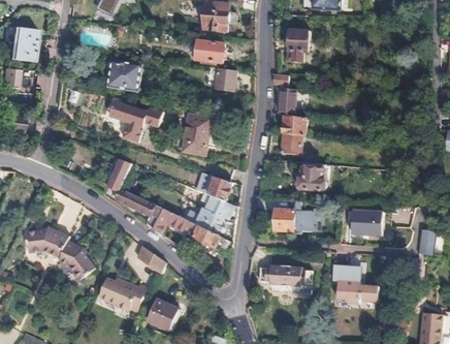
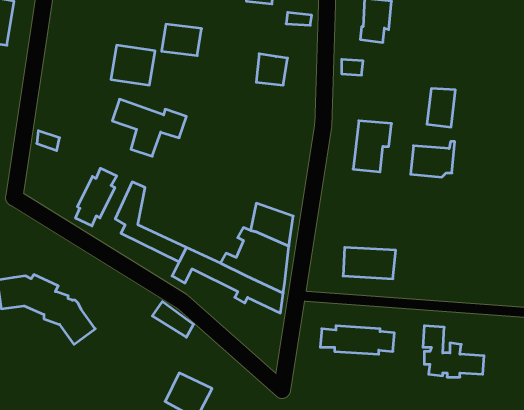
building: [193,41,222,64] -> [162,24,202,56]
building: [279,87,299,115] -> [427,89,455,127]
building: [180,115,211,157] -> none
building: none -> [76,168,117,226]
building: [300,163,332,189] -> [411,142,455,177]
building: [353,210,387,238] -> none
building: [99,276,146,311] -> none

